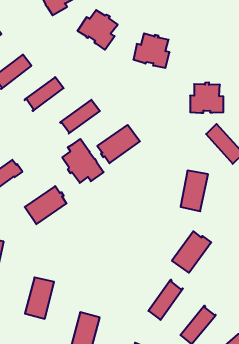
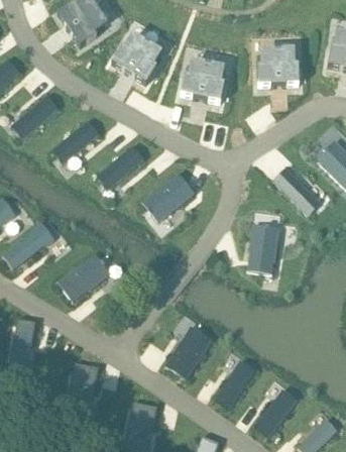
building: [190,82,223,113] -> [257,48,299,86]
building: [62,139,104,183] -> none
building: [172,231,211,273] -> [165,327,212,377]

